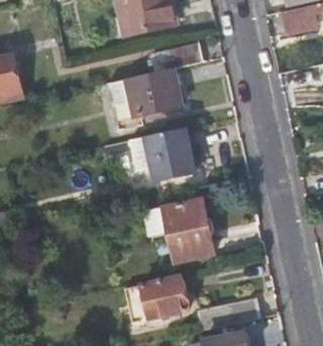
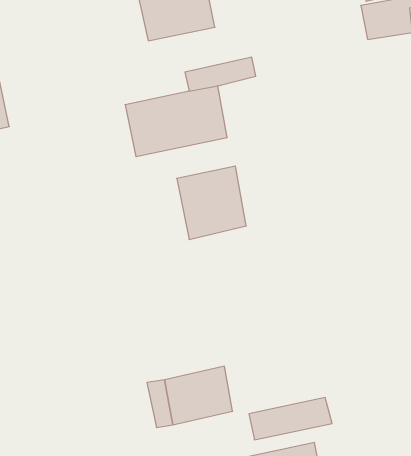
building: [146,199,215,261] -> none

